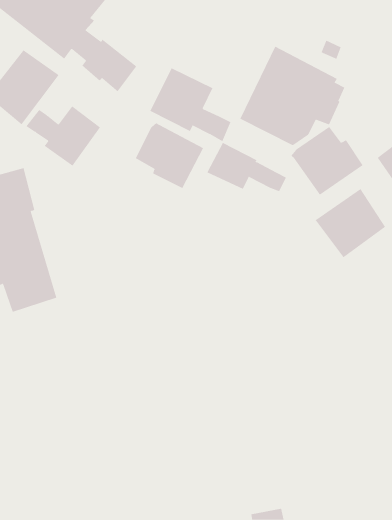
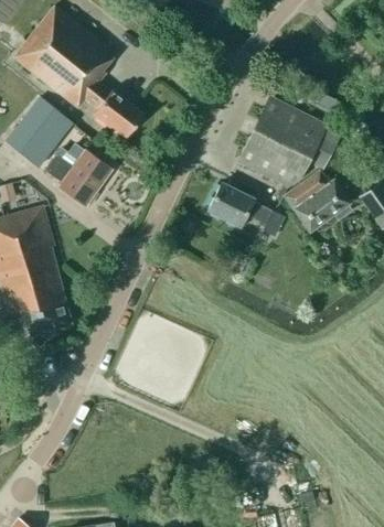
building: [150,68,231,142] -> none
building: [135,122,204,189] -> none
building: [315,188,386,258] -> none

